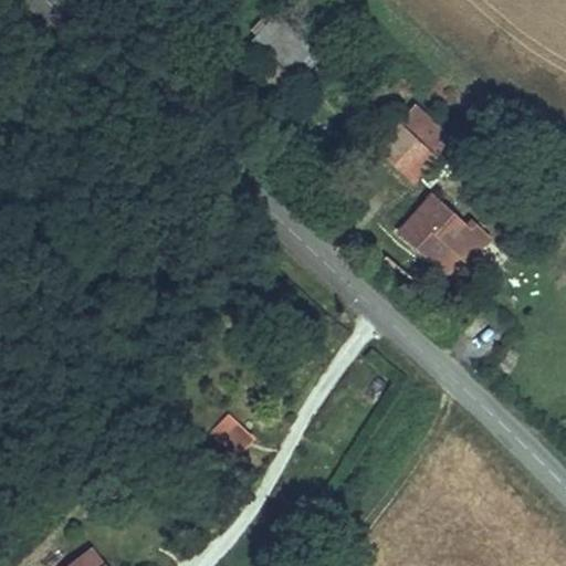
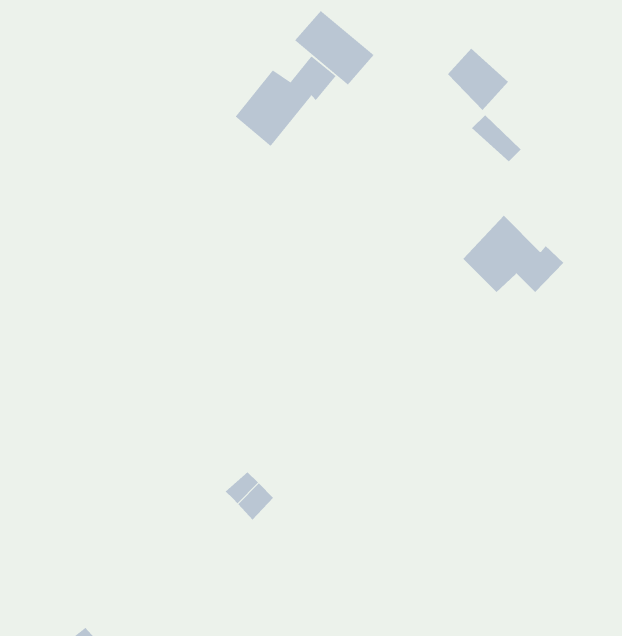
building: none -> [235,55,337,147]
building: [394,118,448,174] -> [447,48,509,111]

